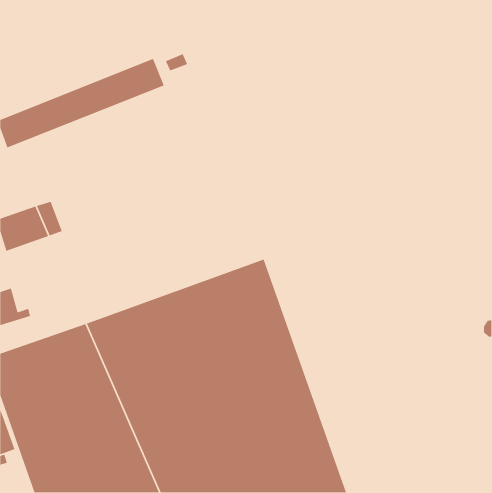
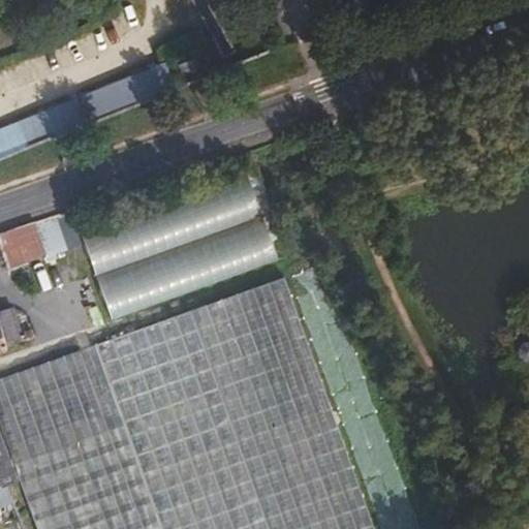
building: none -> [84,177,279,311]

